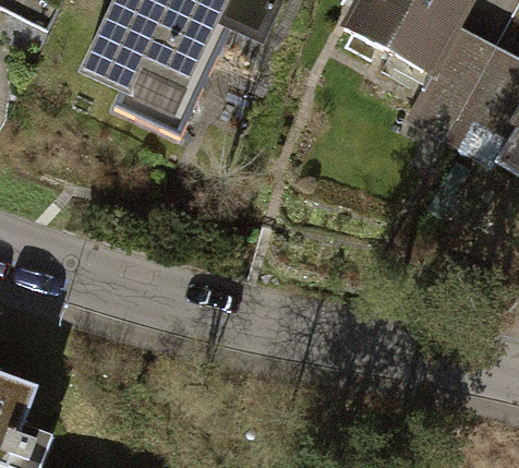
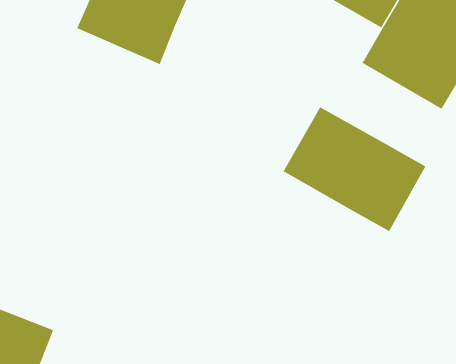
building: none -> [282,106,426,232]

